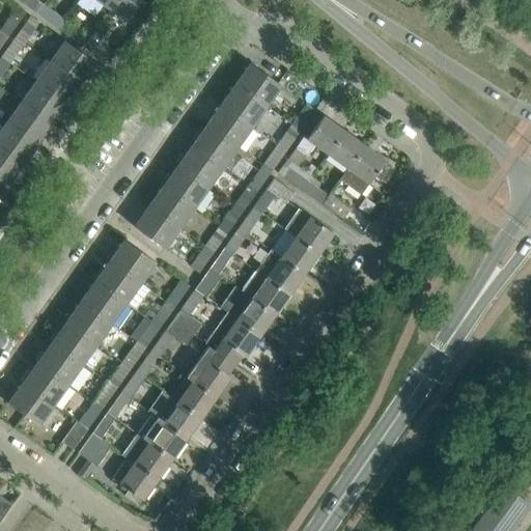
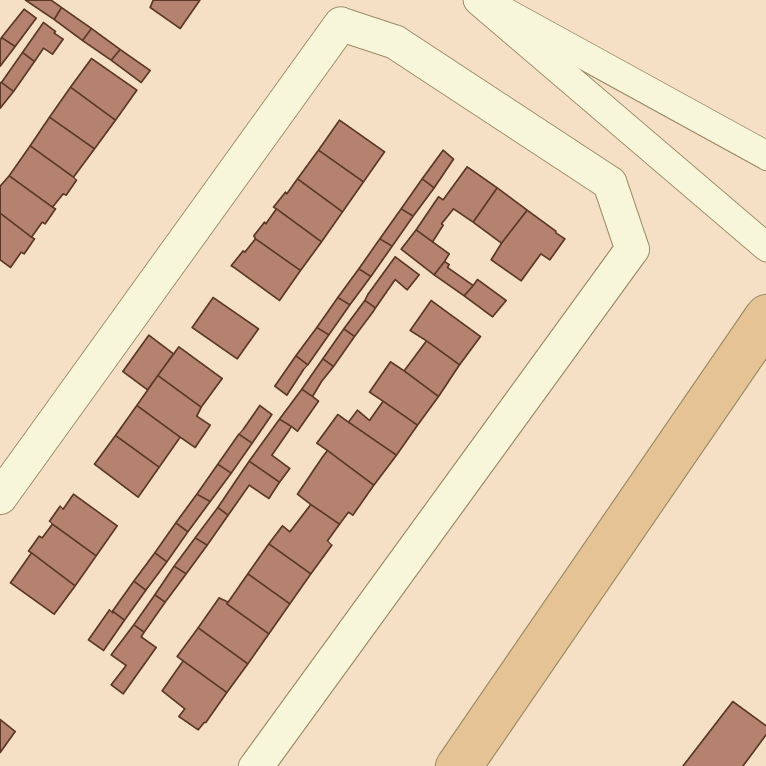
building: [235,63,281,106] -> none
building: [148,186,194,228] -> none
building: none -> [123,335,173,390]
building: [50,322,96,364] -> none

